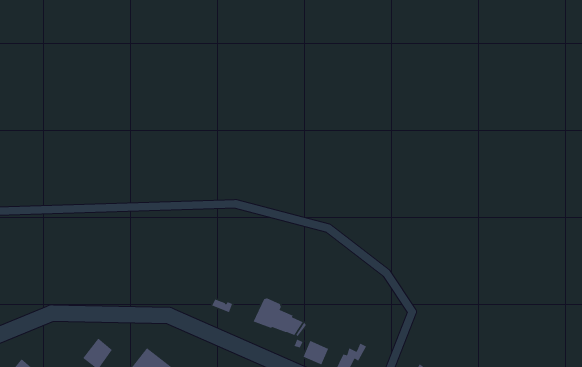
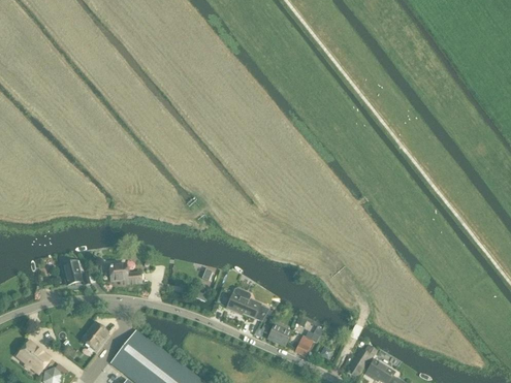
building: none -> [61,260,95,285]
building: none -> [109,264,140,284]

